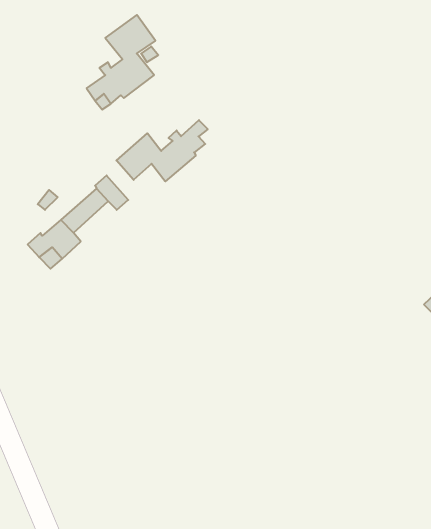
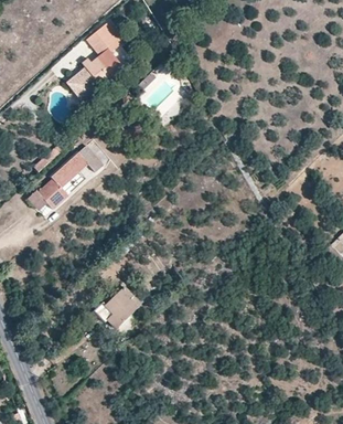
building: [116,120,208,181] -> none
building: none -> [97,285,141,328]

